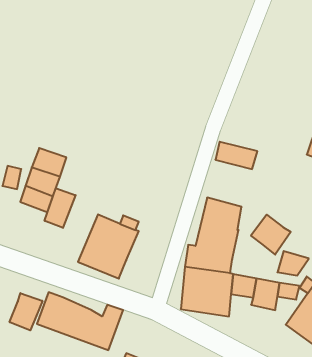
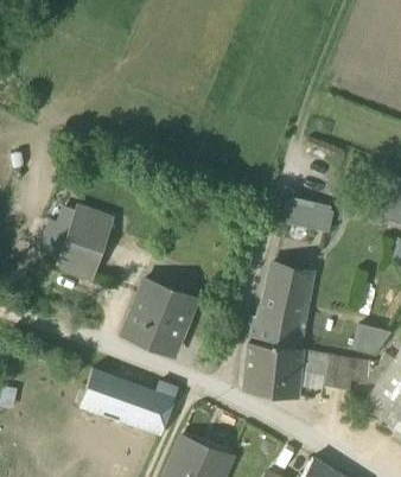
building: [45,188,76,228] -> none
building: [251,215,291,255] -> none
building: [10,293,42,330] -> none

